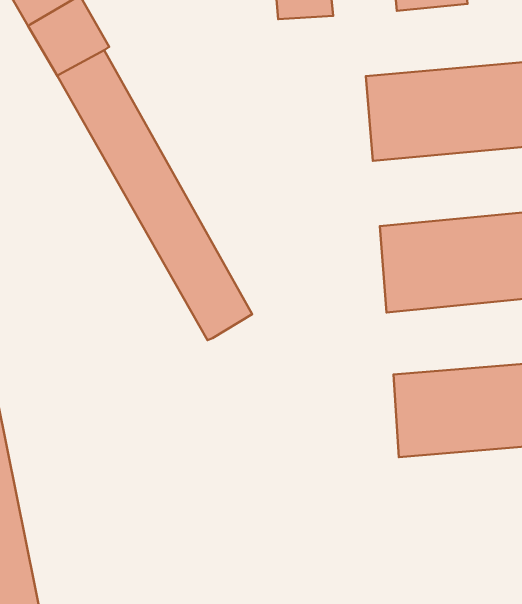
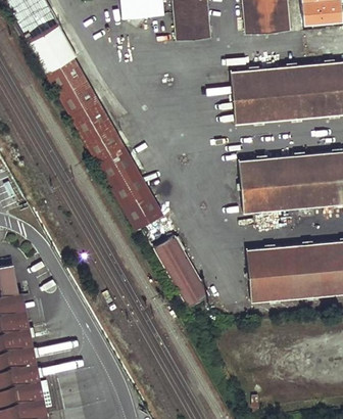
building: none -> [154,236,209,307]

